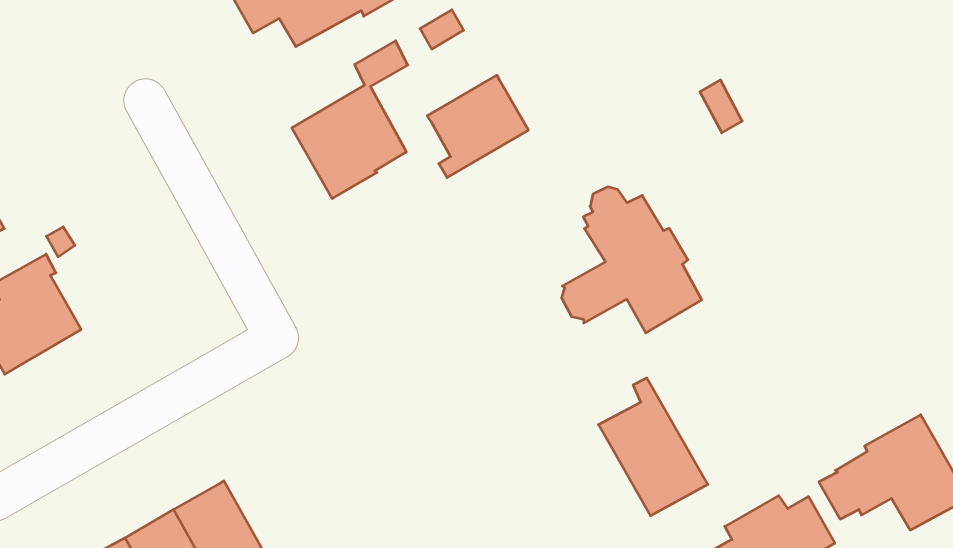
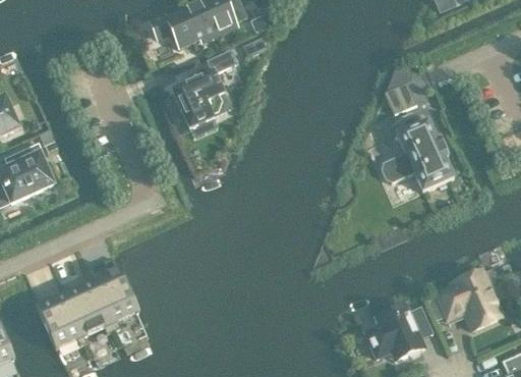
building: [427,75,528,178] -> none
building: [562,187,702,333] -> [381,113,453,191]
building: [598,378,708,516] -> none

